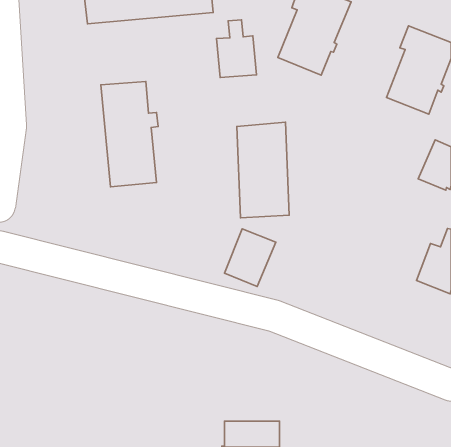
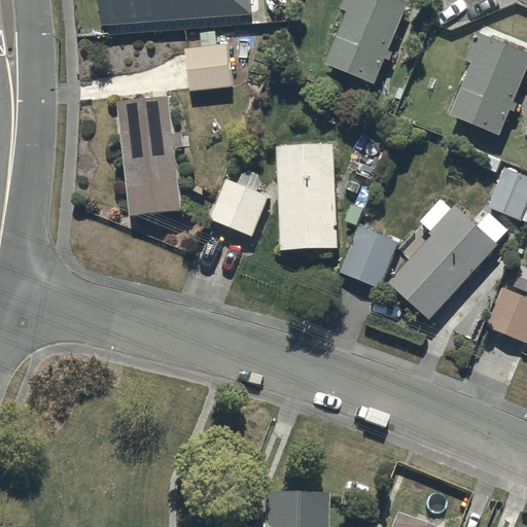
building: [217,20,256,78] -> [185,24,232,91]
building: none -> [210,176,269,237]
building: none -> [388,195,510,322]
building: [224,229,276,286] -> [340,221,399,288]

